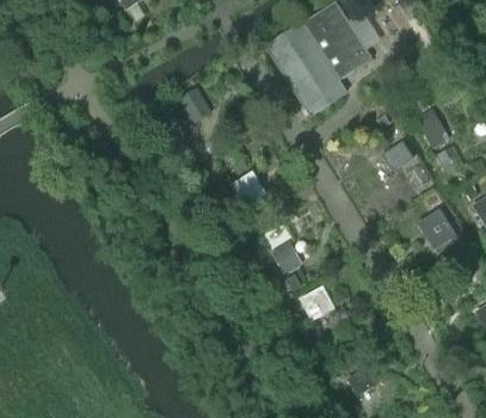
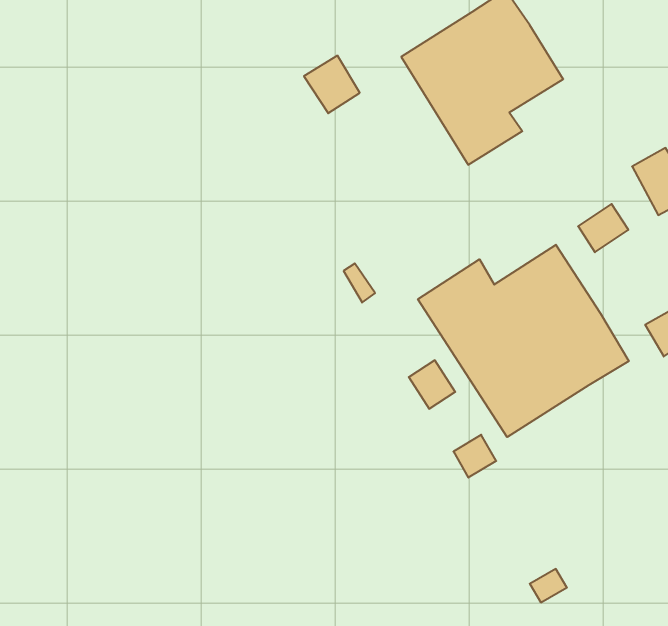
building: [178,90,214,127] -> [304,56,360,113]
building: none -> [418,245,629,437]

